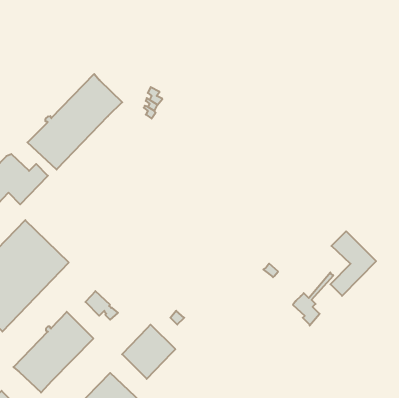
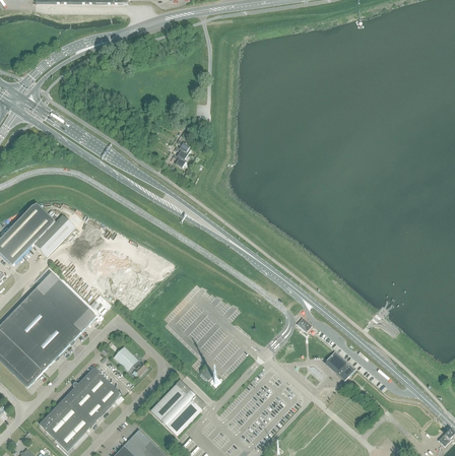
building: [27,74,122,170] -> none
building: [330,231,376,296] -> none

